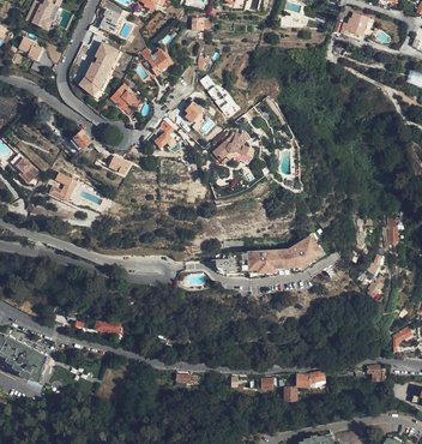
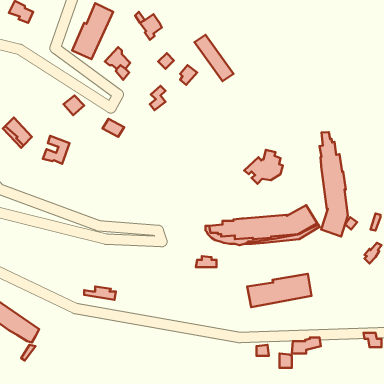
building: [213,131,252,164] -> [244,150,283,184]
building: none -> [319,132,348,236]
building: none -> [247,274,311,307]

